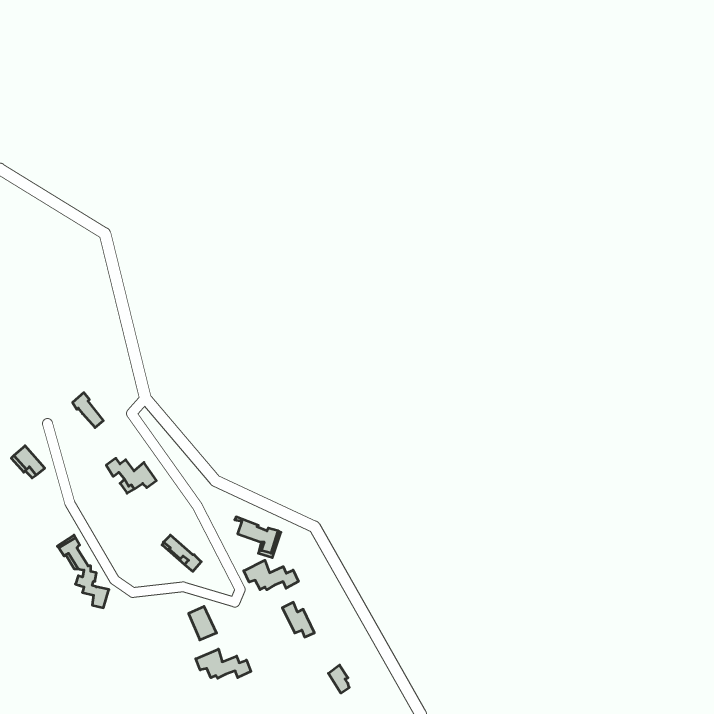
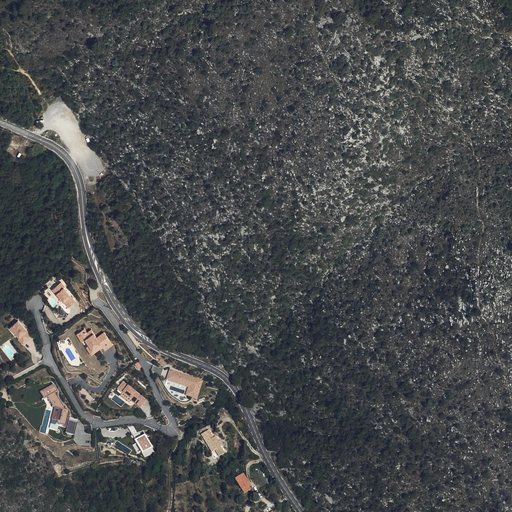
building: [244,560,298,590] -> none
building: [196,649,251,678] -> none

